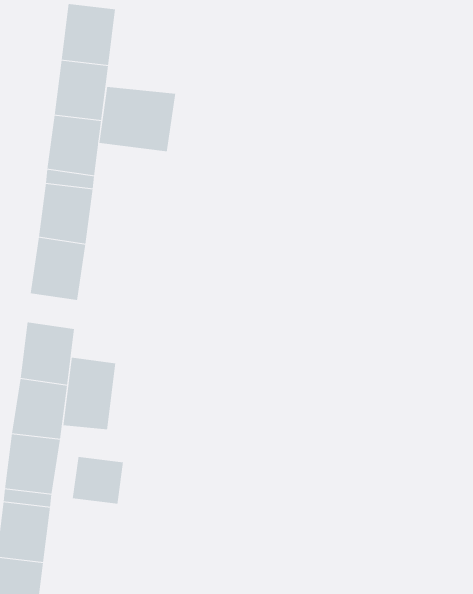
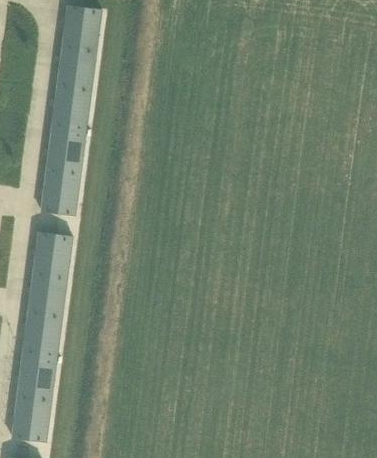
building: [99,86,176,152] -> none
building: [63,357,116,430] -> none
building: [72,456,123,505] -> none

